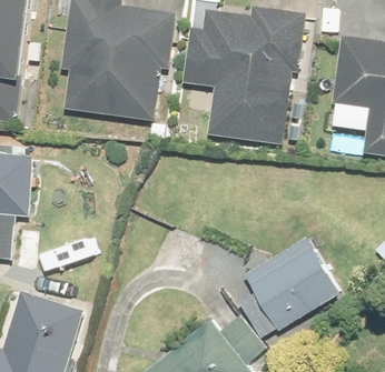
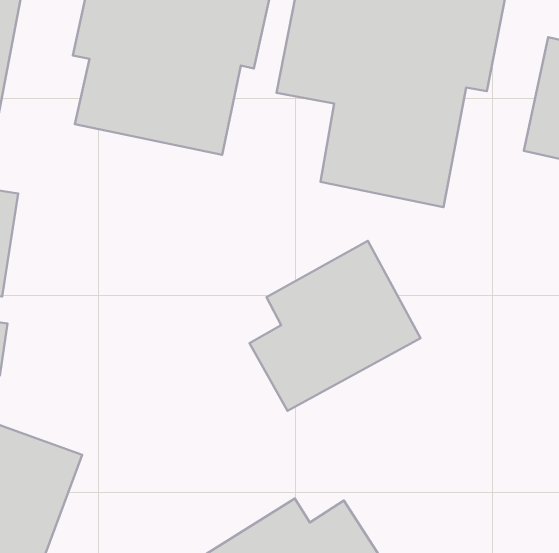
building: [237,239,337,342] -> [250,241,420,411]

